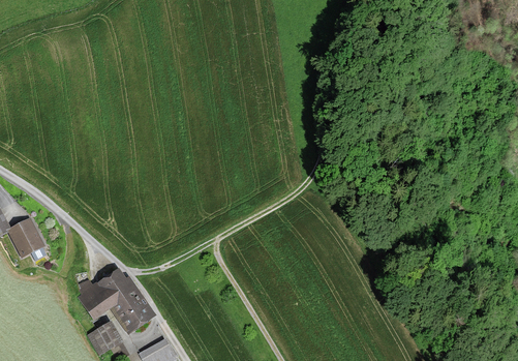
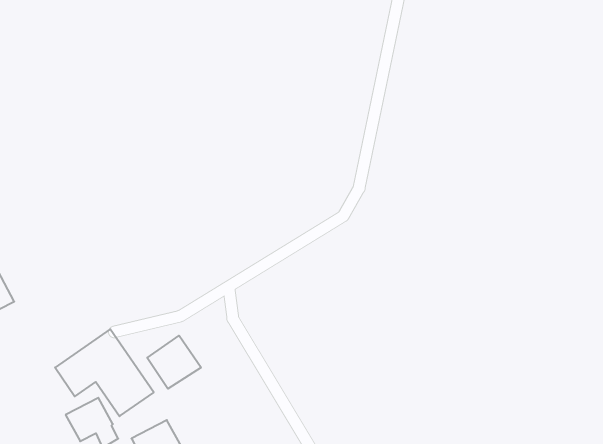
building: none -> [147,336,201,389]

